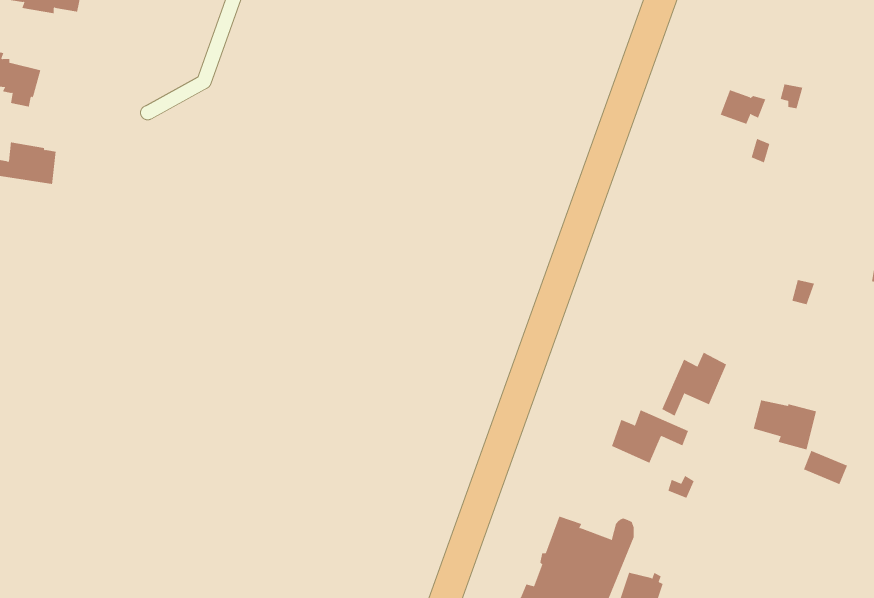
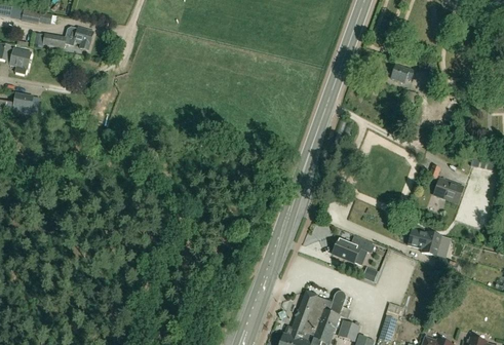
building: none -> [33,26,93,50]
building: none -> [434,178,463,201]
building: [661,352,727,417] -> none

